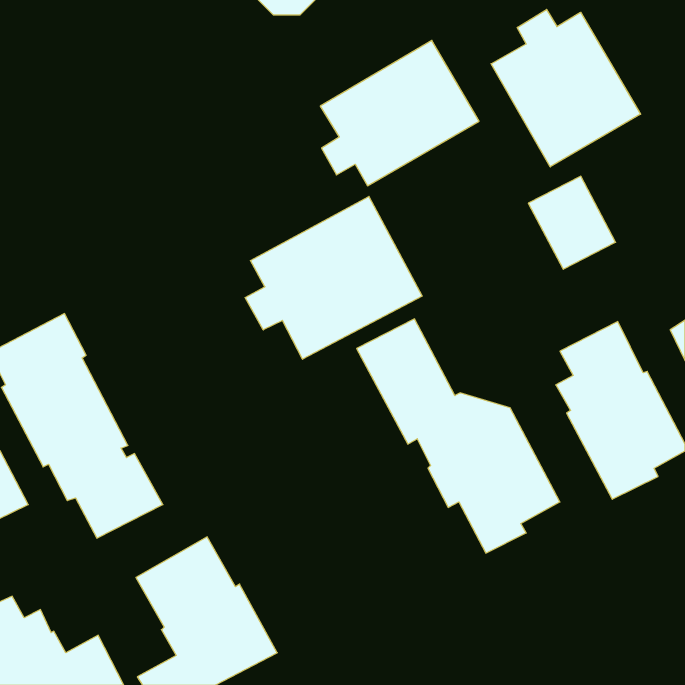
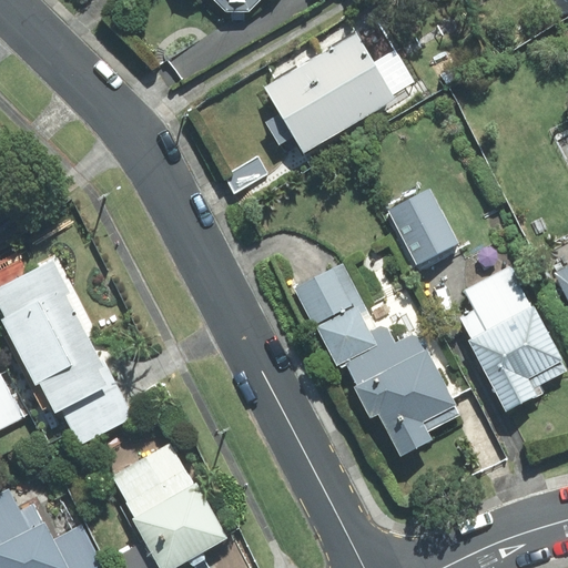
building: [491,9,641,167] -> none
building: [528,176,616,269] -> [386,189,458,265]
building: [245,196,422,359] -> none

